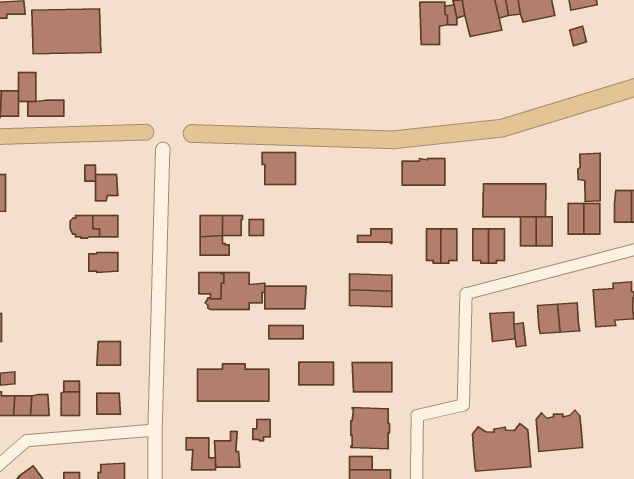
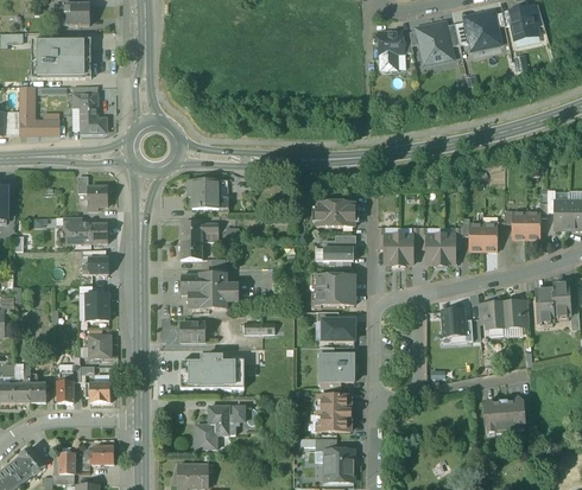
building: none -> [72,93,102,132]
building: [262,153,295,184] -> [188,178,217,206]
building: [578,153,600,201] -> none
building: [402,159,445,185] -> [315,202,353,225]
building: [483,184,546,217] -> none
building: none -> [322,246,352,267]
building: [265,286,306,309] -> none
building: none -> [86,291,108,319]
building: none -> [179,320,204,341]
building: [299,362,333,385] -> [322,318,353,338]
building: [473,423,531,471] -> none
building: [186,438,215,470] -> [208,405,234,433]

